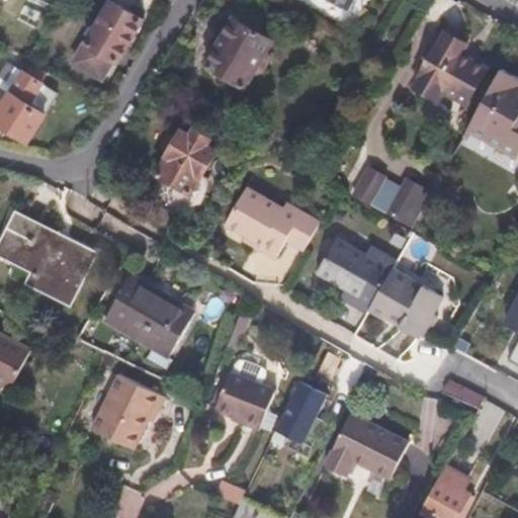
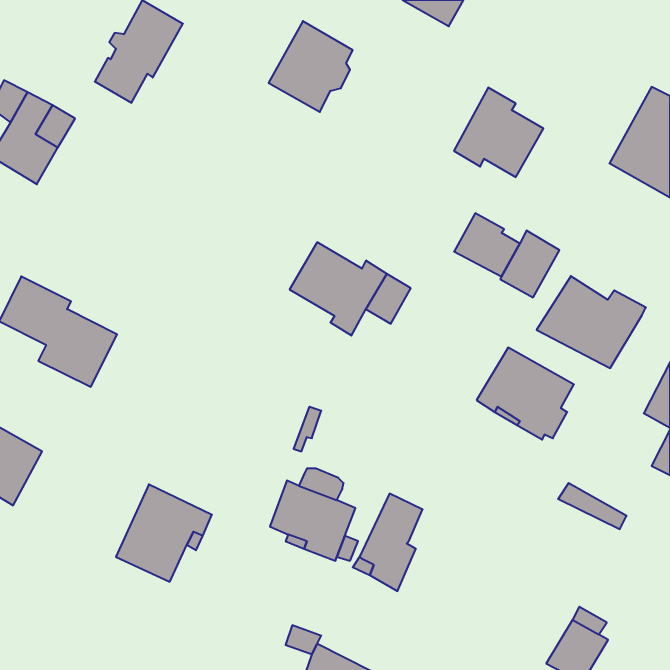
building: [419,32,488,101] -> [454,88,543,177]
building: [157,131,215,192] -> none
building: [310,239,394,310] -> [537,276,646,368]
building: [105,275,193,356] -> none
building: [329,408,411,472] -> none

